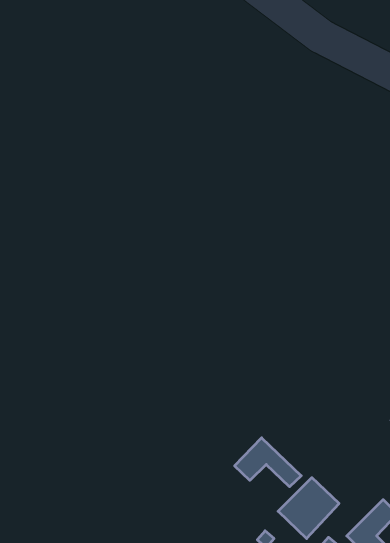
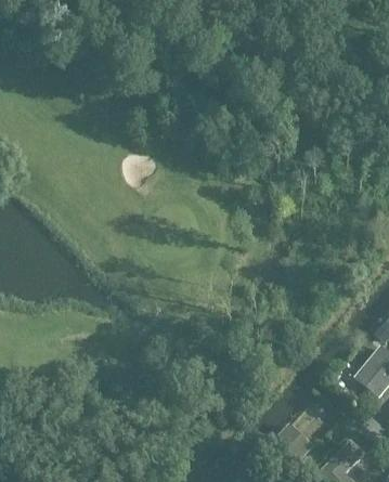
building: [235,438,301,487] -> none

